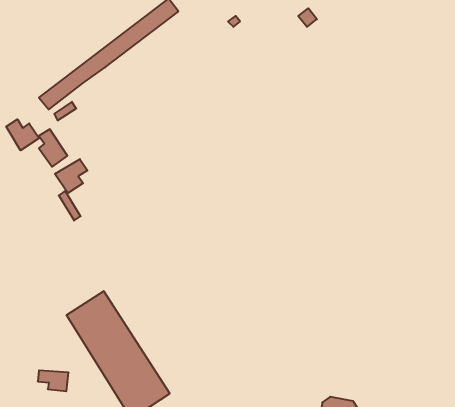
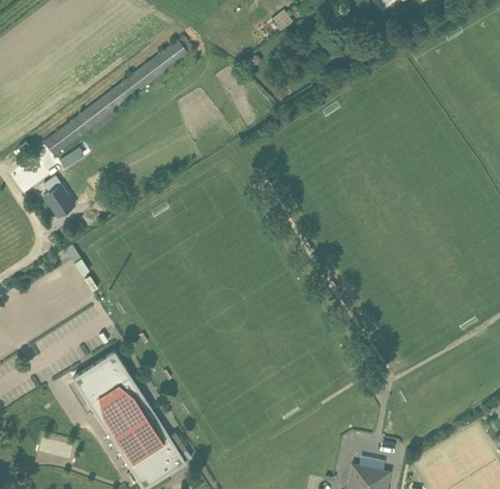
building: [6,119,39,150] -> none
building: [55,159,87,193] -> none

